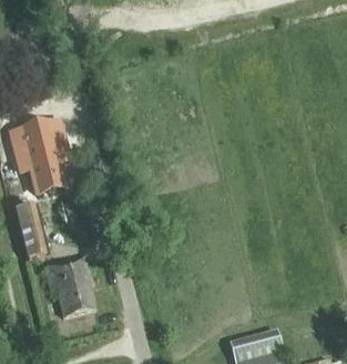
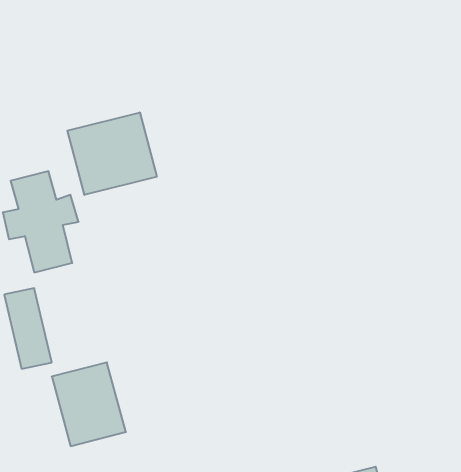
building: none -> [67,112,157,195]

